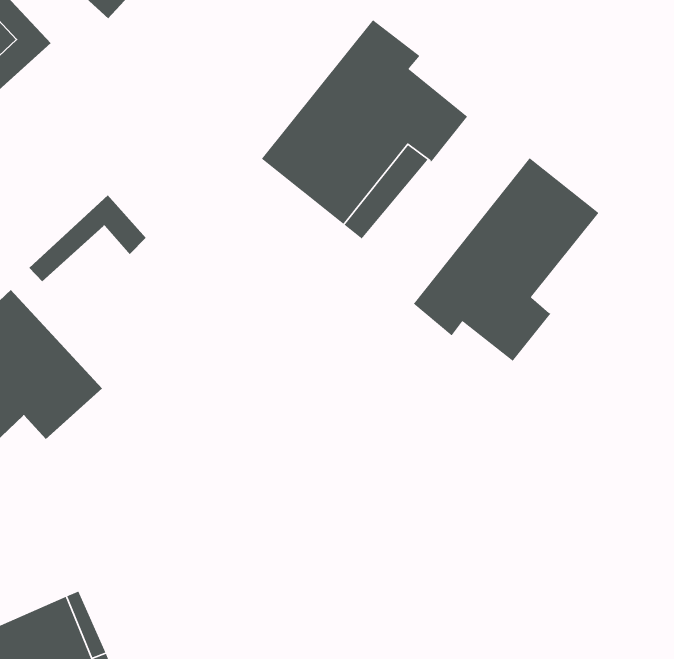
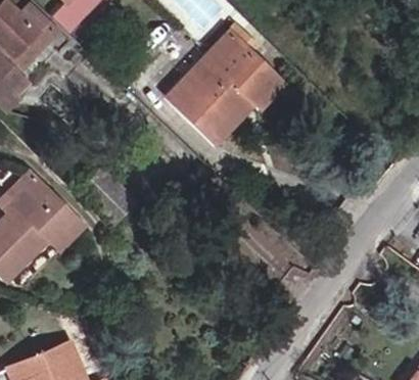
building: [413,157,599,362] -> none
building: [29,194,147,282] -> none

